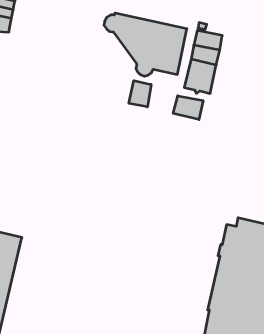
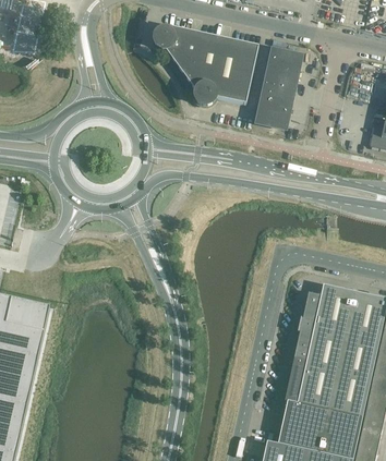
building: [129,81,151,107] -> none
building: [173,96,203,120] -> none

